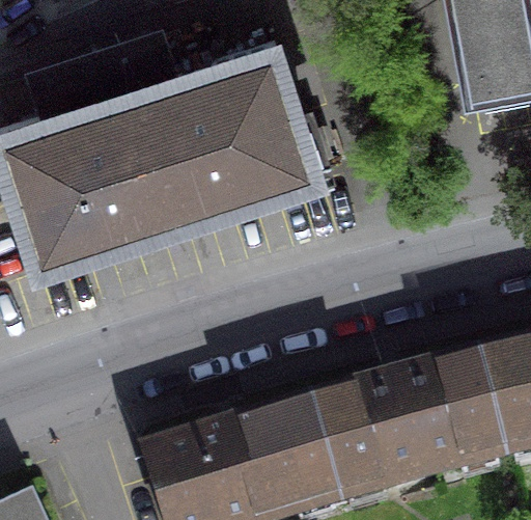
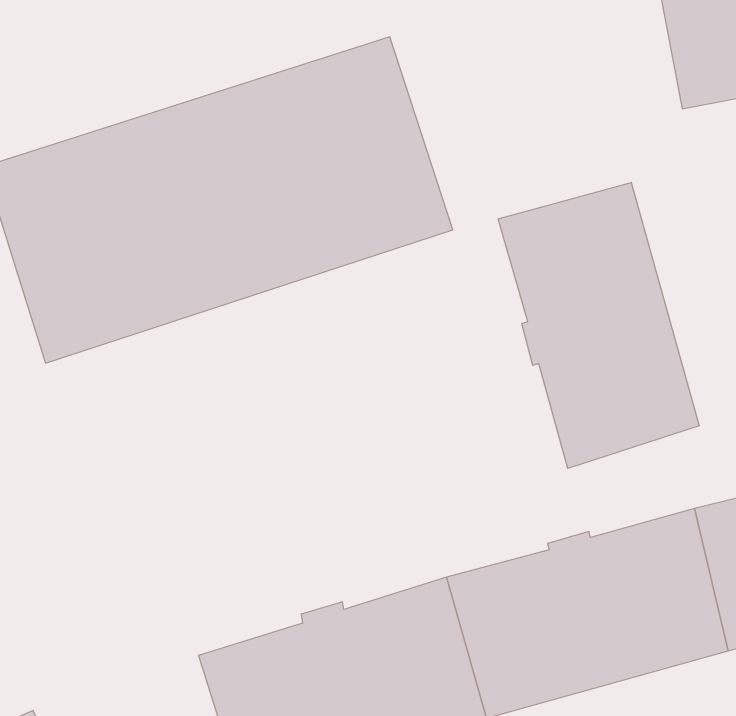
building: none -> [498,182,699,468]

